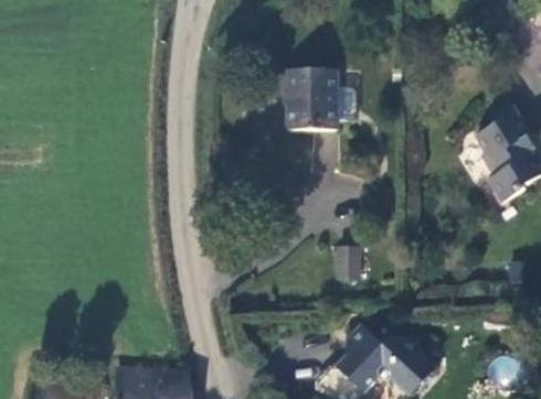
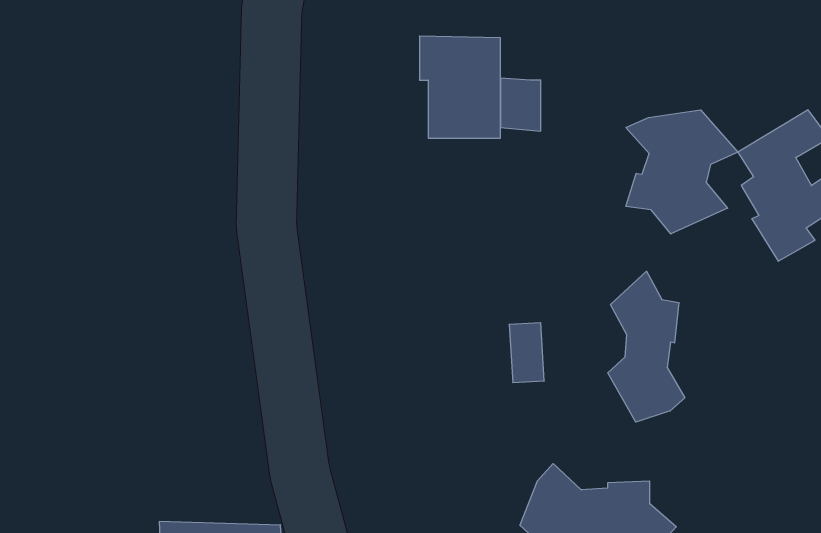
building: none -> [626,110,738,234]
building: none -> [608,271,685,422]

